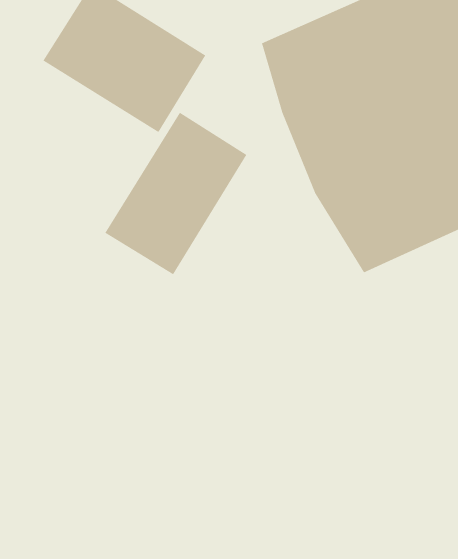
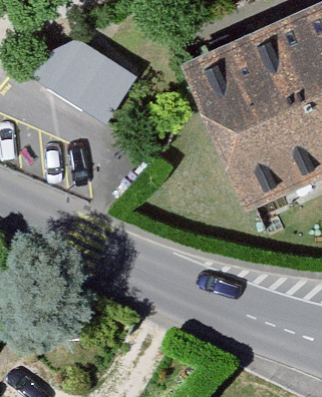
building: [105,112,247,275] -> none

